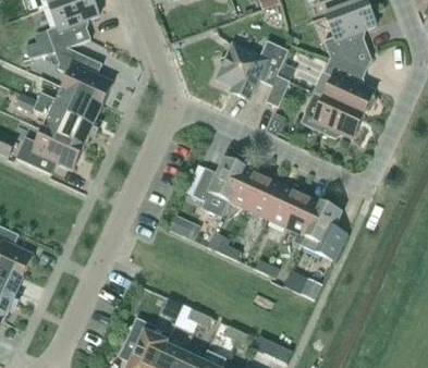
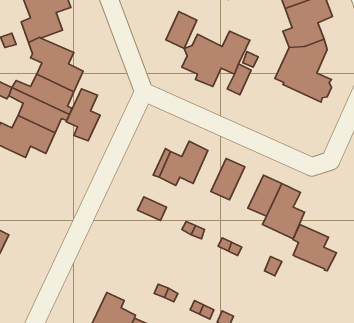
building: none -> [166,12,197,49]
building: [298,96,363,137] -> none
building: none -> [66,89,100,141]
building: [228,165,262,209] -> none
building: [266,183,302,226] -> none
building: none -> [293,224,336,271]

